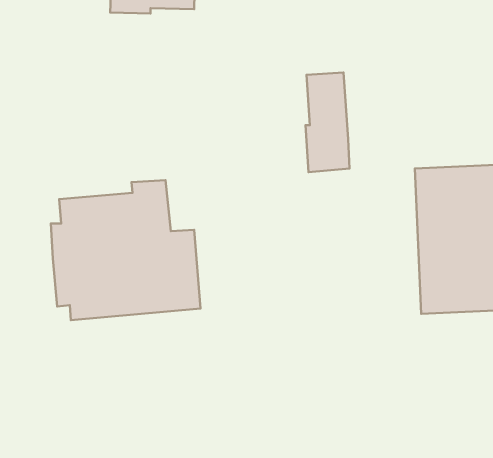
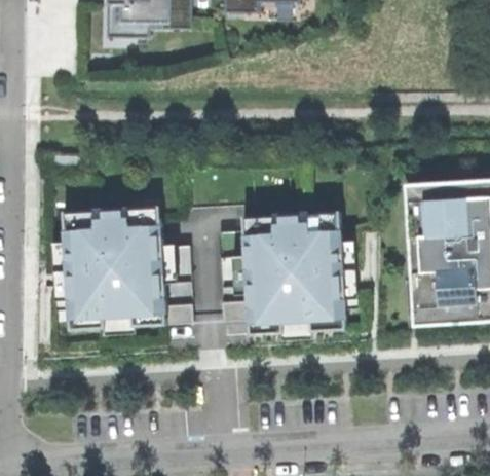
building: [305,73,350,172] -> none
building: none -> [223,209,360,337]

